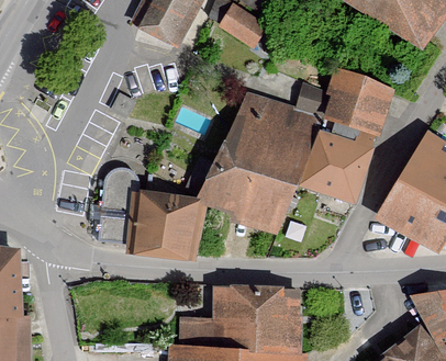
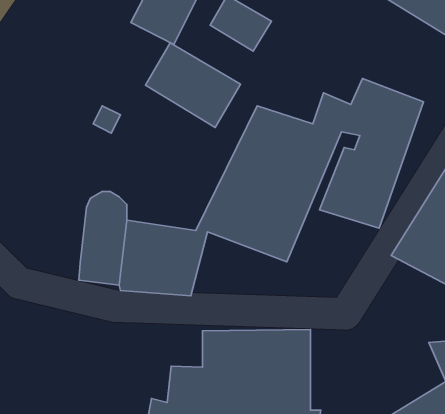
building: none -> [146,43,241,127]

